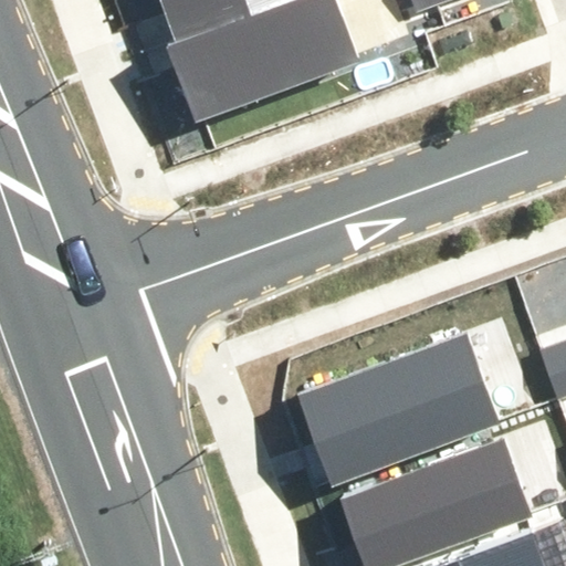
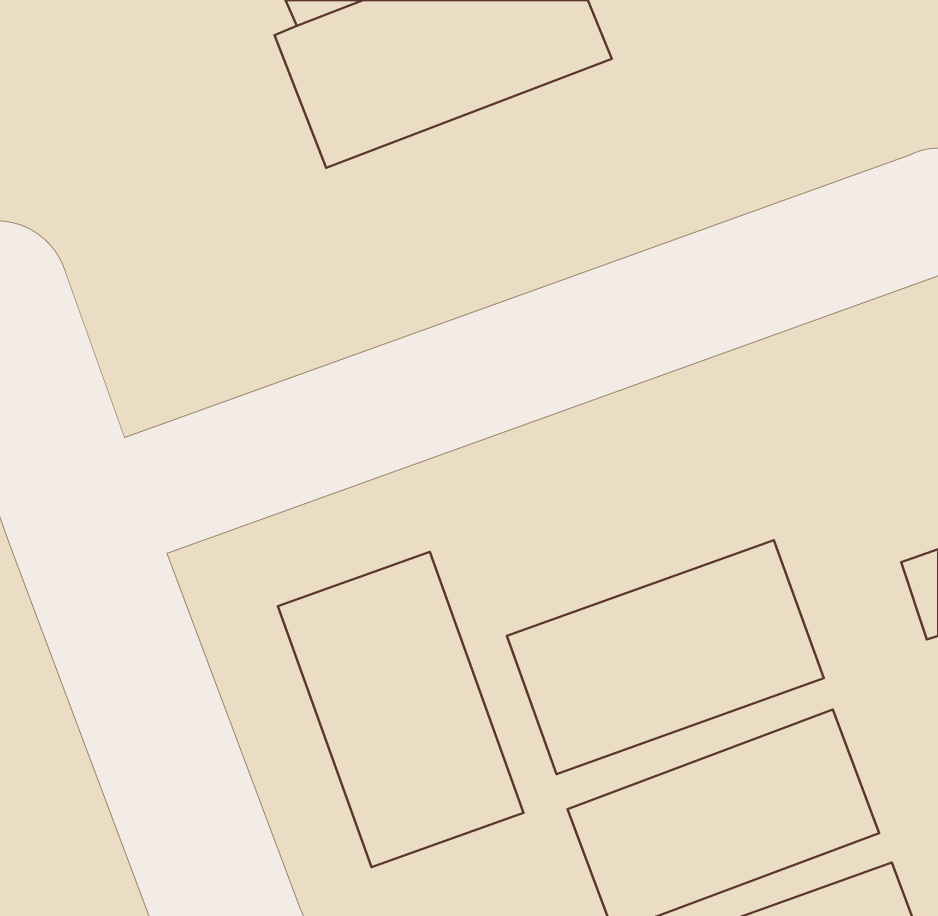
building: none -> [278,552,524,867]

